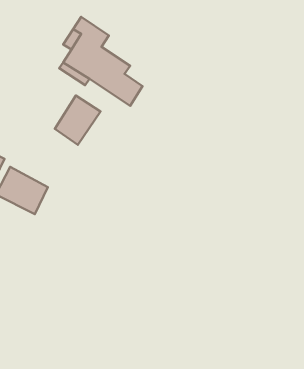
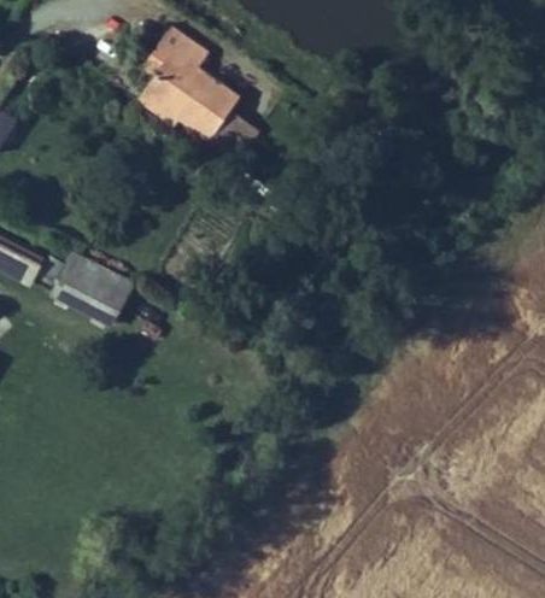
building: [55,96,100,145] -> none

